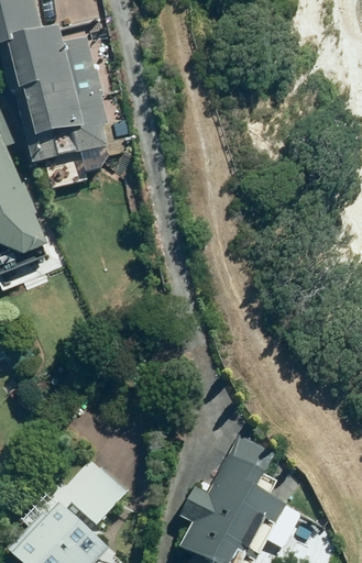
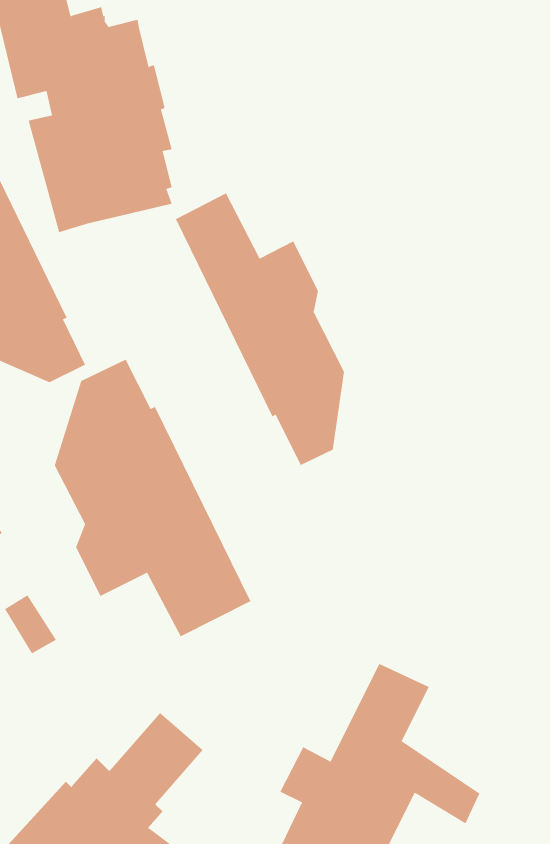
building: none -> [175,193,345,466]
building: none -> [54,359,251,637]

